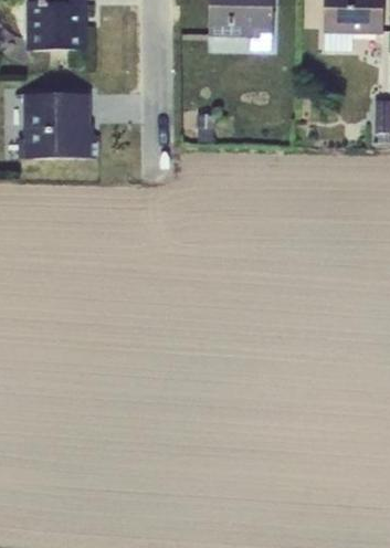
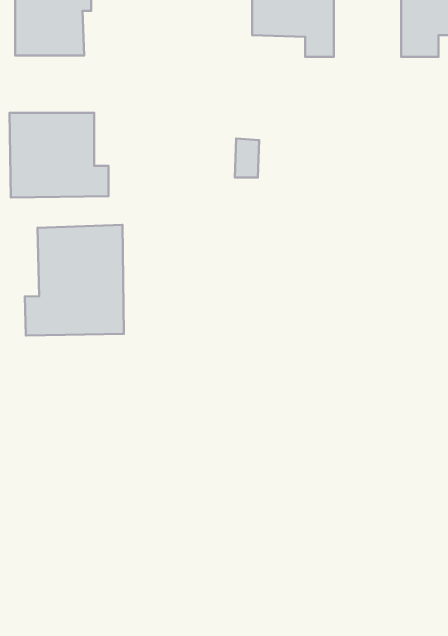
building: none -> [25,225,124,335]

